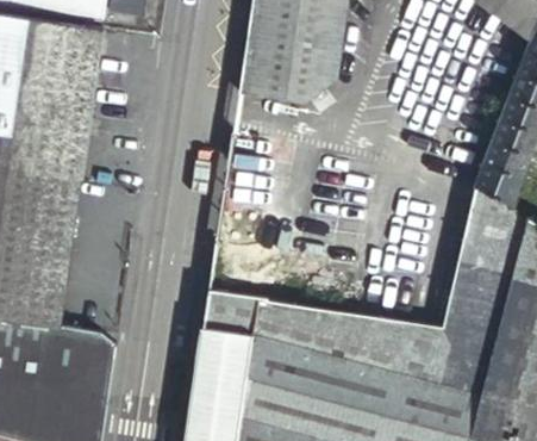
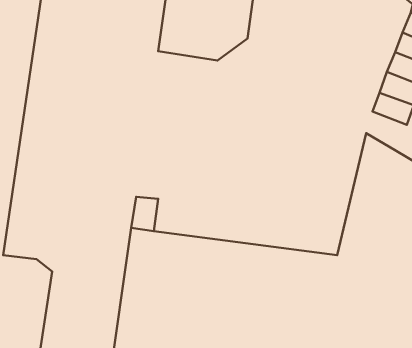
building: [472,162,522,207] -> none

